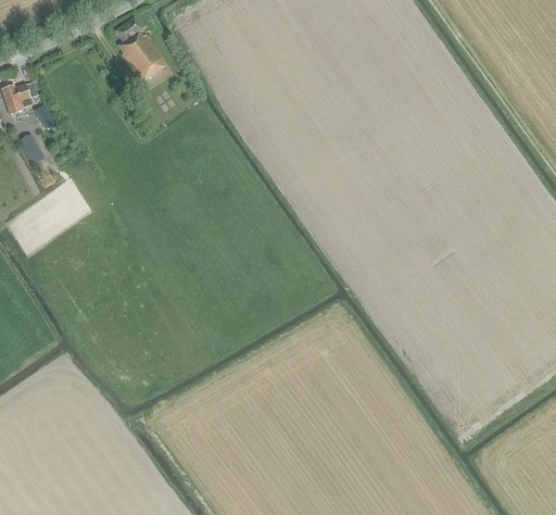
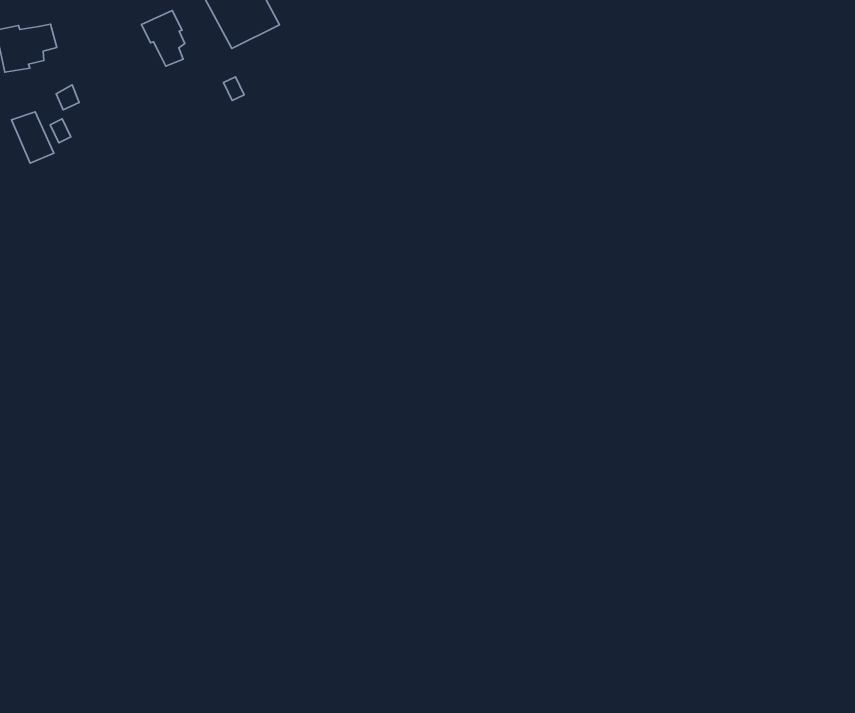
building: none -> [141,11,185,66]

